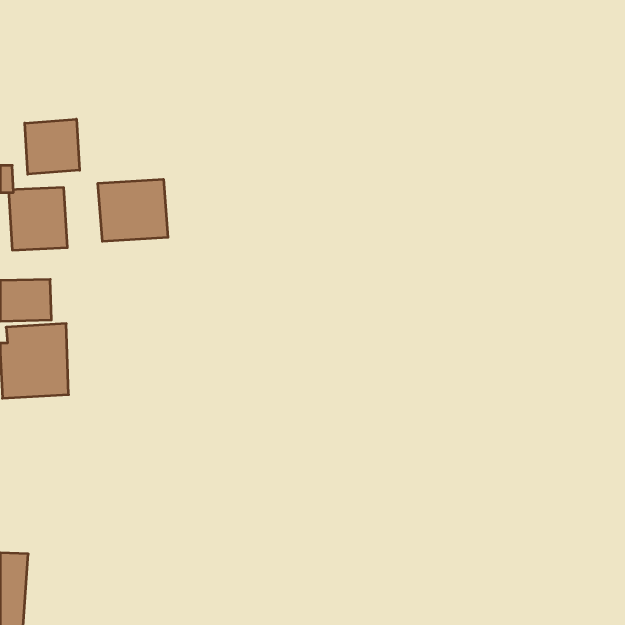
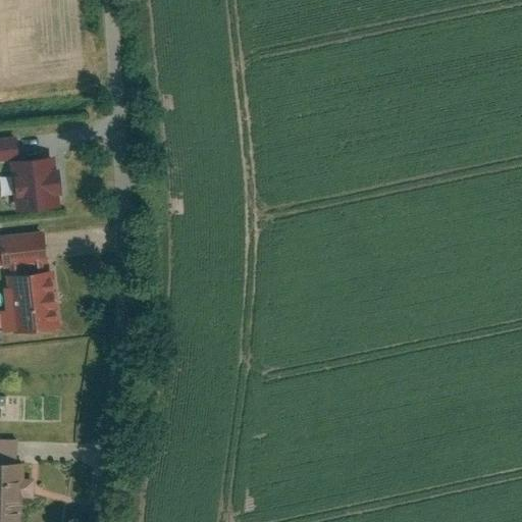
building: [25,119,80,174] -> none
building: [98,179,168,241] -> none

